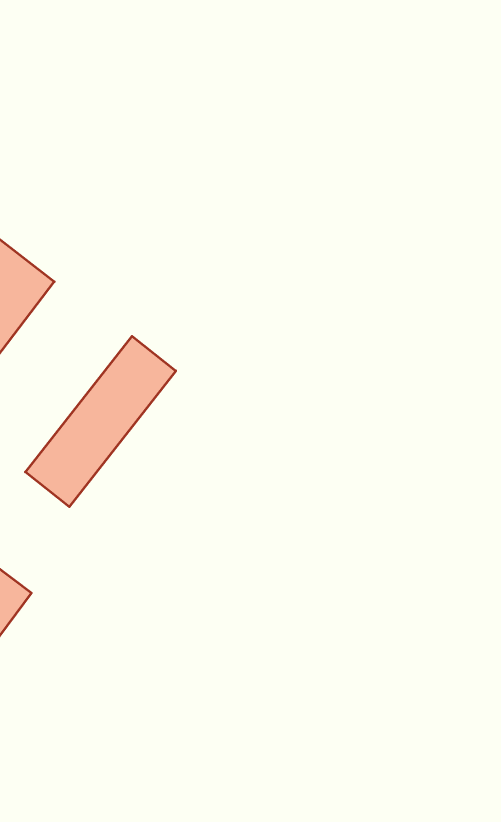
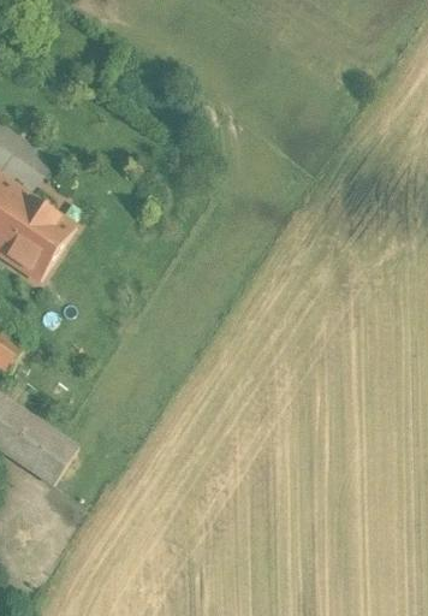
building: [25,336,176,507] -> none

